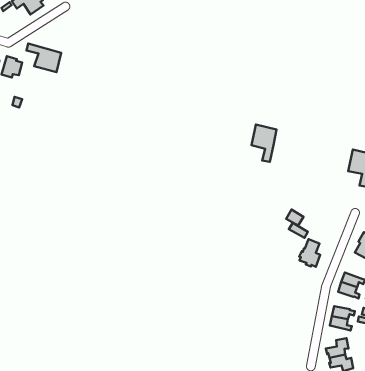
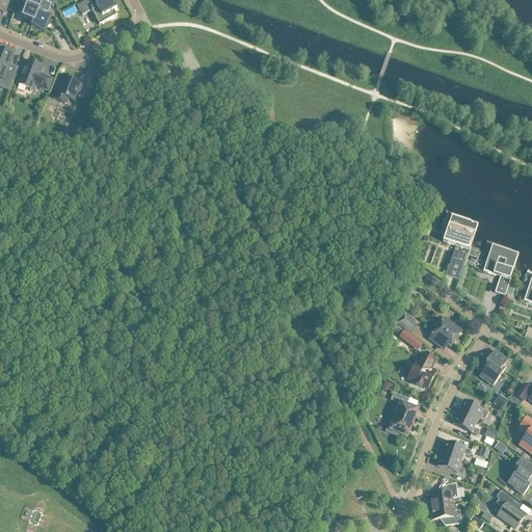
building: [26,44,61,72] -> none
building: [252,125,277,162] -> [443,213,477,263]
building: none -> [428,316,461,345]
building: none -> [385,391,417,434]

